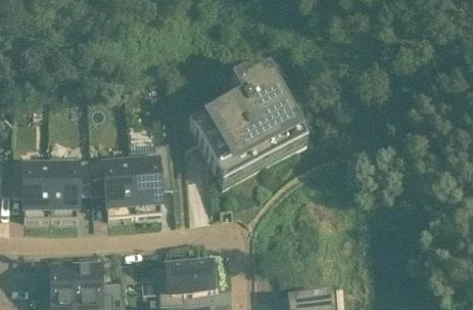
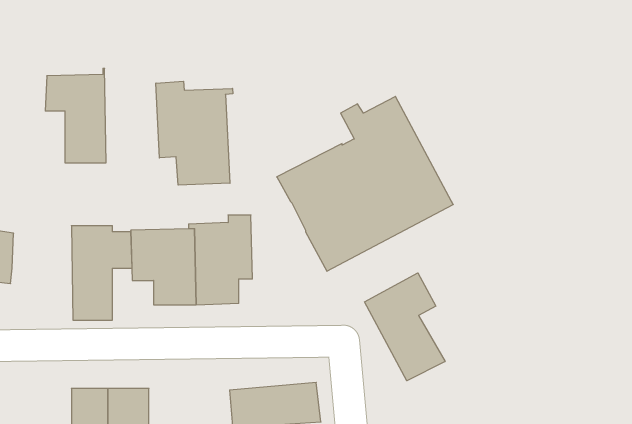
building: none -> [156,81,233,185]
building: [9,156,50,219] -> [45,68,106,163]
building: none -> [365,273,445,381]

